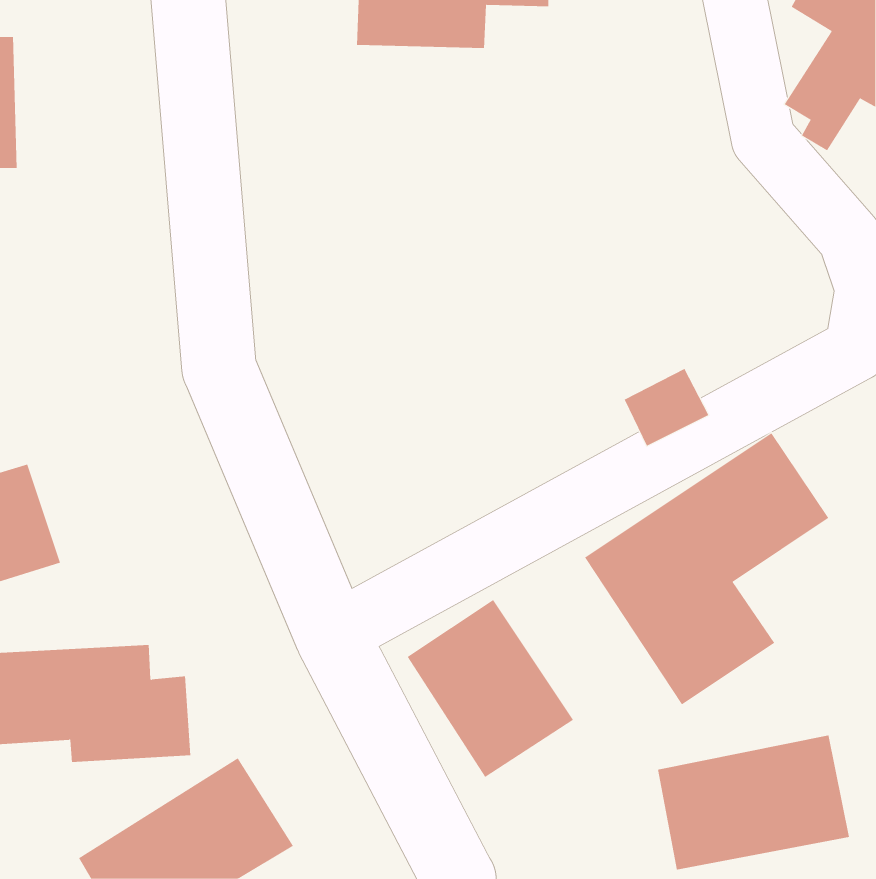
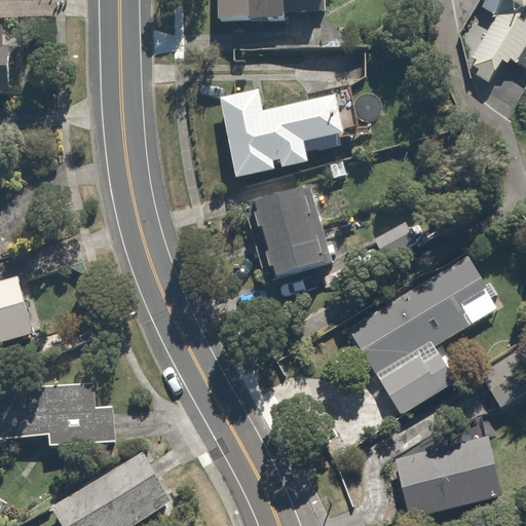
building: none -> [222,90,348,183]
building: none -> [240,183,336,291]
building: [407,599,574,778] -> none

